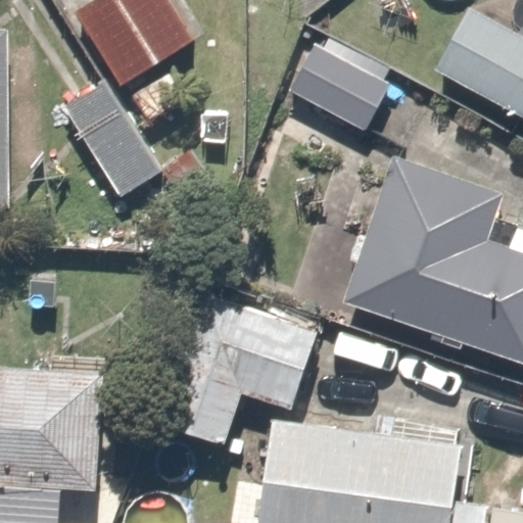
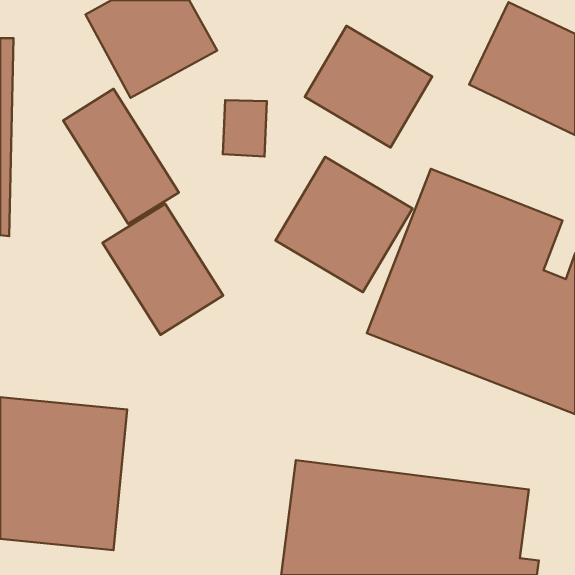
building: none -> [275,157,412,292]
building: none -> [103,204,223,335]
building: [158,289,326,456] -> none

